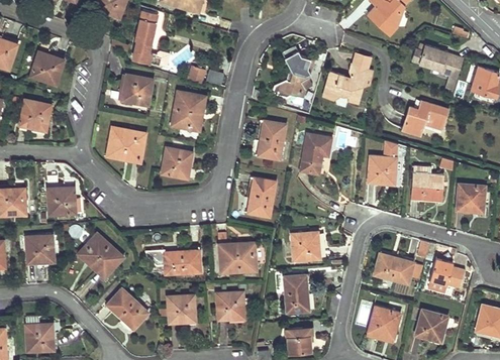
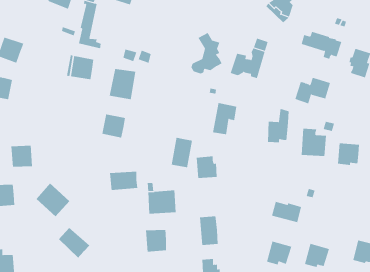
building: [258,121,285,159] -> none
building: [107,128,145,163] -> none
building: [292,233,319,261] -> [196,156,218,179]
building: [164,251,200,275] -> [109,171,138,191]
building: [427,258,464,291] -> none
building: [167,295,195,324] -> none

